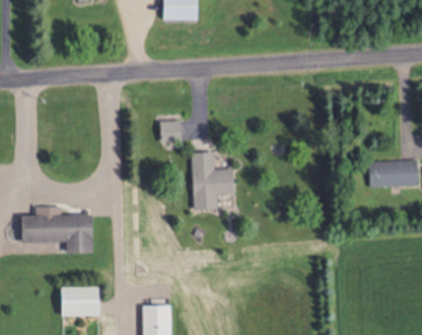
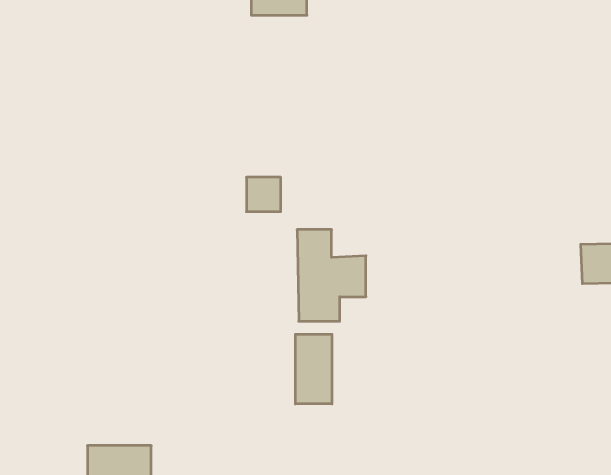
building: [20,207,93,253] -> none
building: none -> [295,334,332,404]

